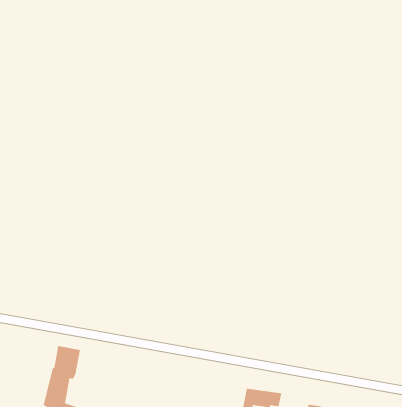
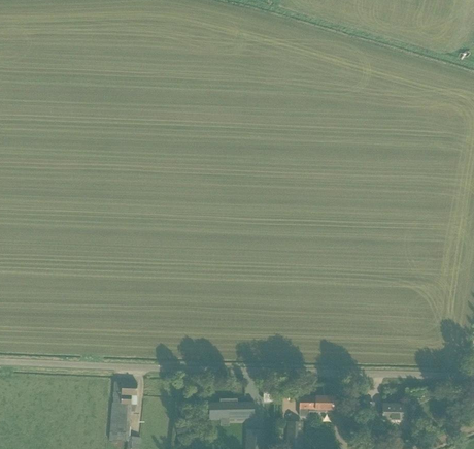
building: none -> [207,402,252,417]

